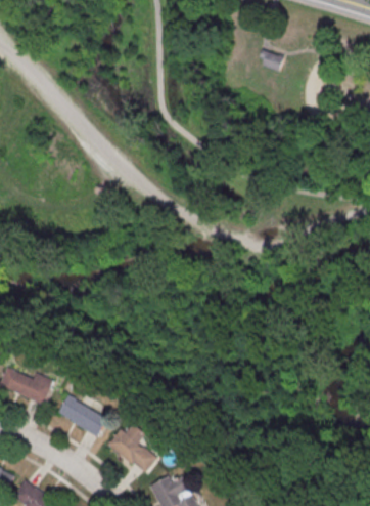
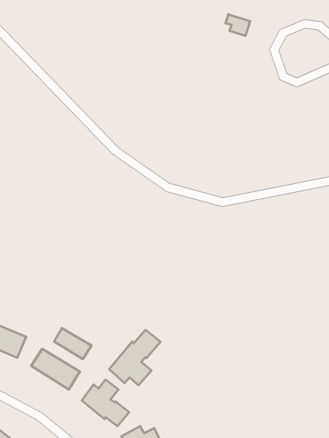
building: none -> [54,328,91,359]
building: none -> [109,330,161,385]

